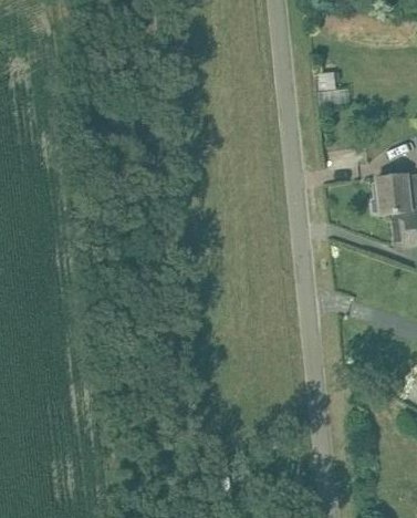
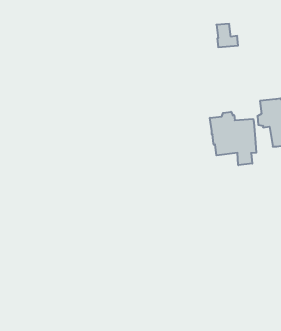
building: none -> [210,112,256,165]

